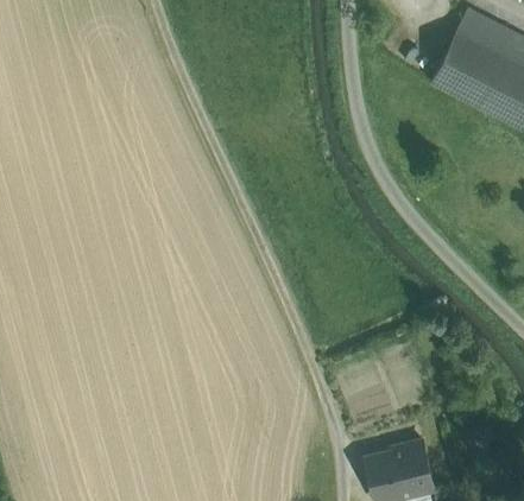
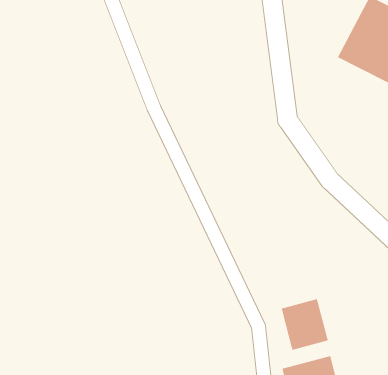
building: none -> [281,298,329,351]

